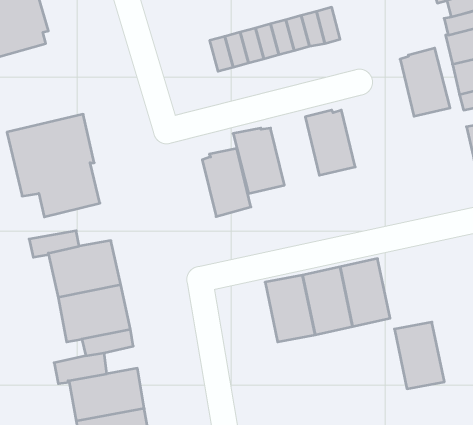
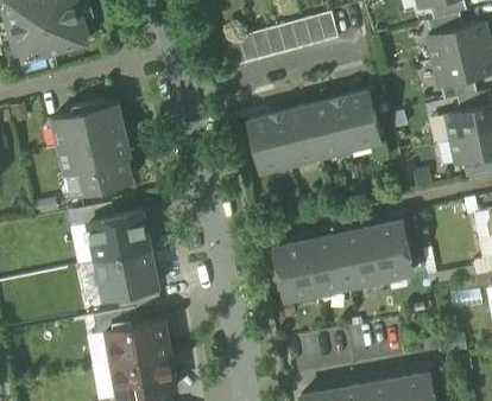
building: [400,48,450,116] -> [339,91,381,149]
building: [202,149,251,217] -> [278,107,320,165]
building: [394,322,444,389] -> [370,222,412,279]

